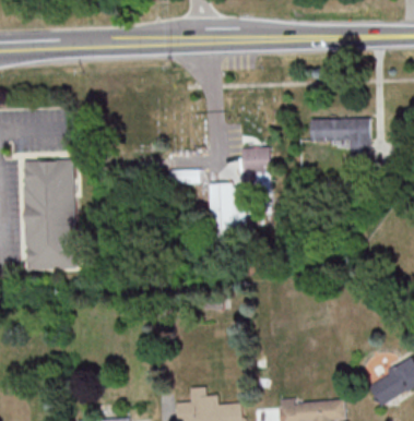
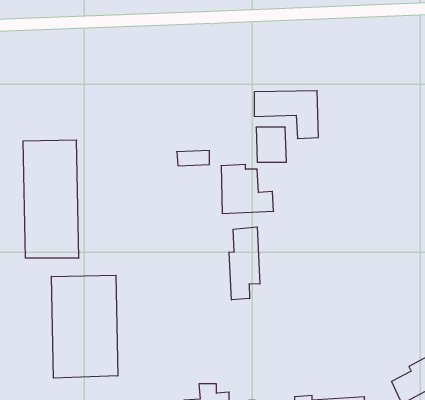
building: [310,118,370,163] -> [254,91,318,139]
building: none -> [229,227,260,300]
building: none -> [51,275,118,378]

